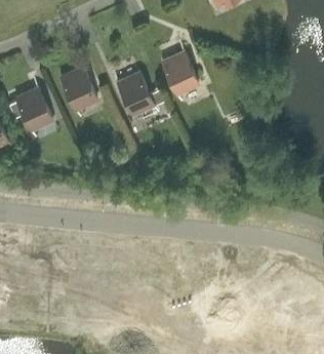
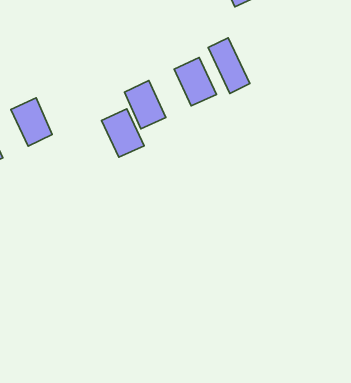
building: none -> [208,38,250,93]
building: [59,70,97,113] -> [102,109,144,157]

